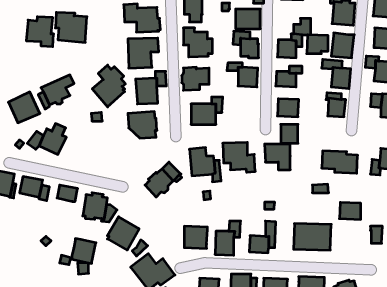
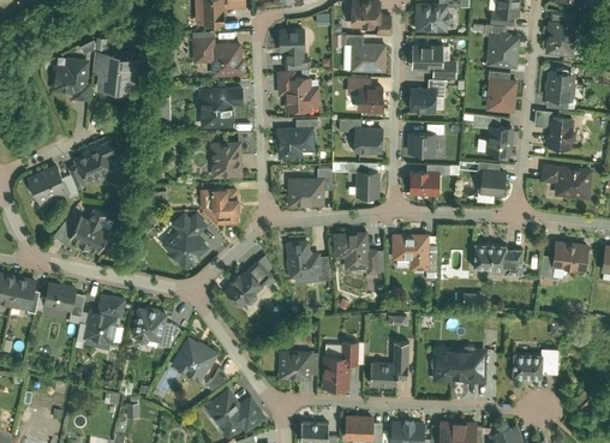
building: [307,35,328,54] -> [412,43,442,70]
building: [92,65,125,107] -> [162,211,209,270]
building: [281,124,298,143] -> [354,172,378,198]
building: [339,202,361,219] -> [512,354,542,378]
building: [72,239,96,263] -> [88,309,121,343]

